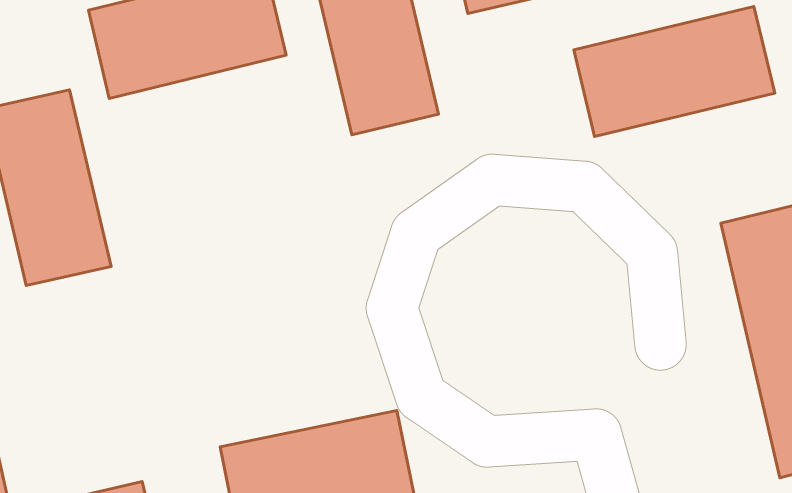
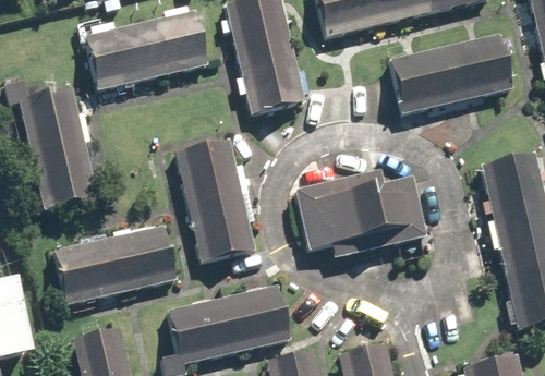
building: none -> [173,137,255,262]
building: none -> [293,169,429,259]
building: none -> [54,225,181,303]

